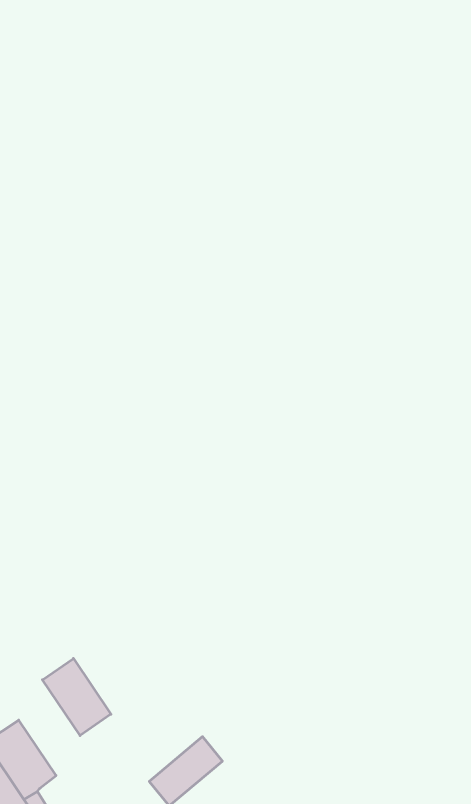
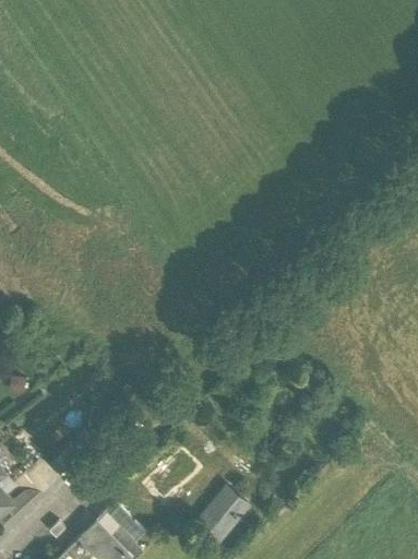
building: [42,658,111,736] -> none

